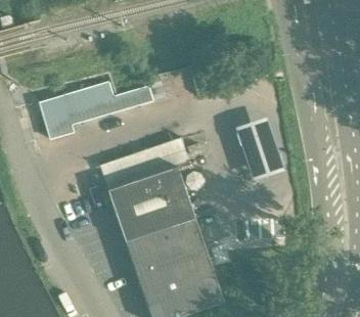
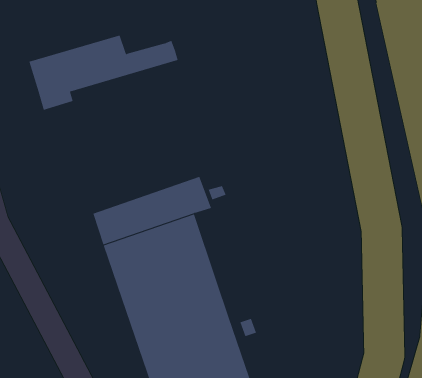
building: [40,81,155,139] -> [28,35,178,111]
building: [236,117,286,181] -> none

